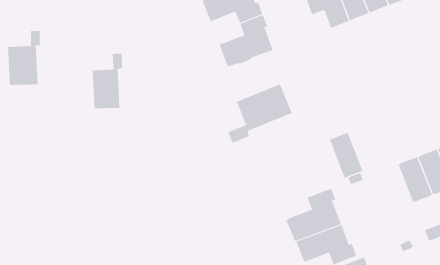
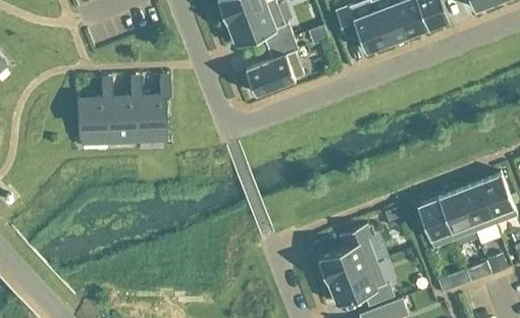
building: [7,31,40,86] -> [76,82,112,141]
building: none -> [137,78,170,139]
building: [228,84,293,144] -> none
building: [329,132,363,178] -> [417,199,454,249]

